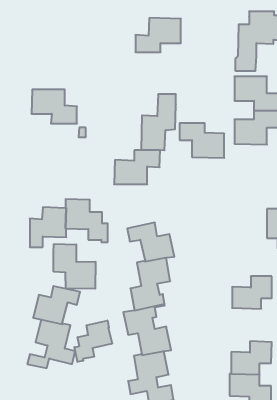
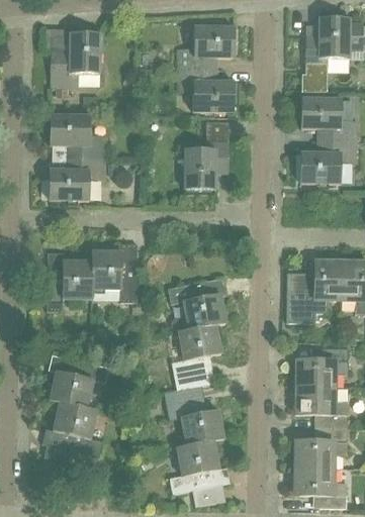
building: none -> [50,31,101,88]
building: [180,123,224,158] -> [178,68,234,111]
building: [114,150,160,184] -> [48,157,105,199]
building: none -> [287,261,342,322]
building: [54,244,96,289] -> none
building: none -> [296,386,348,428]
building: [74,320,112,362] -> none

